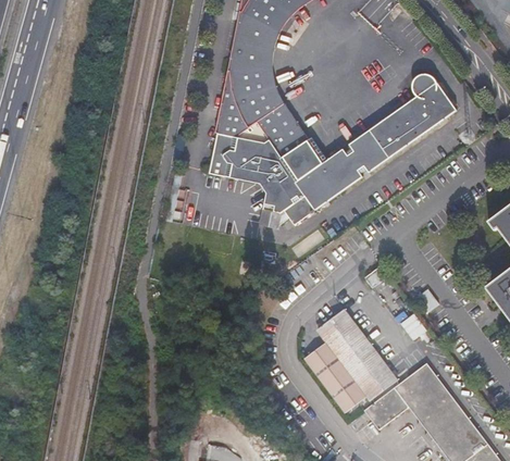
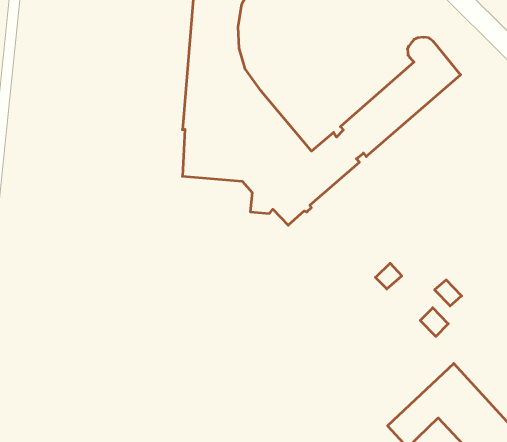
building: [306,308,398,411] -> none

